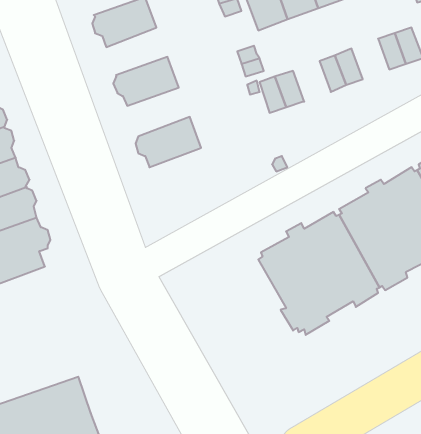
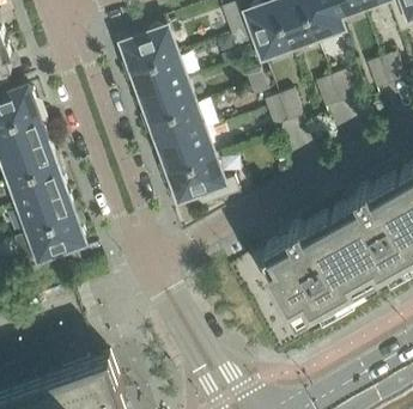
building: none -> [133,54,186,94]
building: none -> [151,105,205,147]
building: none -> [170,157,239,210]

